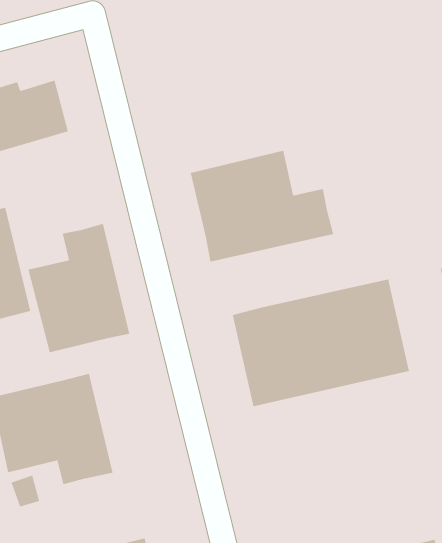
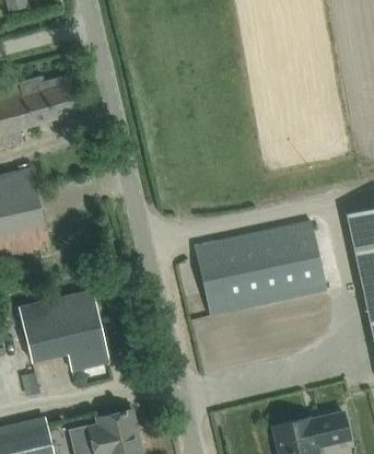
building: [190,150,334,262] -> none
building: [28,223,130,353] -> none

